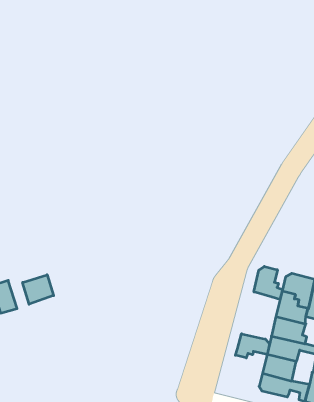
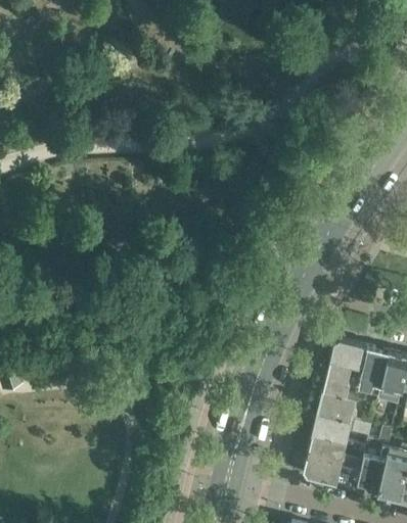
building: [254,266,282,299] -> none
building: [23,275,54,304] -> none
building: [235,334,270,358] -> none

